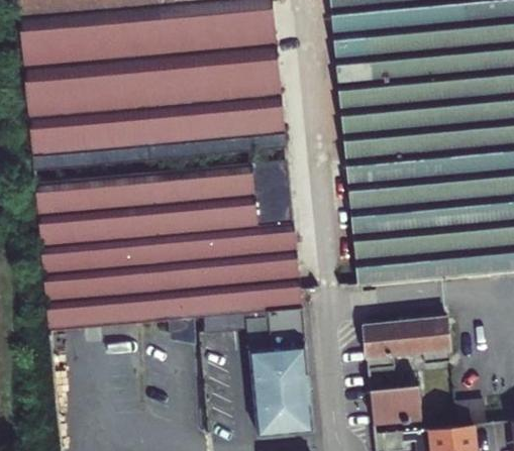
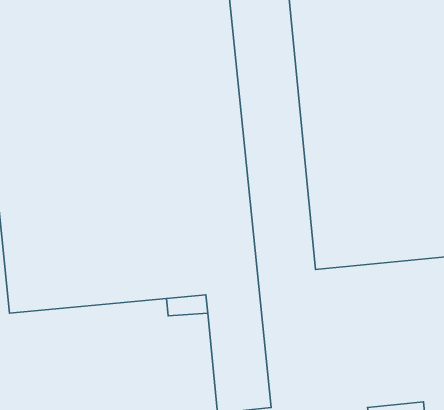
building: [365,316,452,368] -> none
building: [370,374,422,424] -> none

